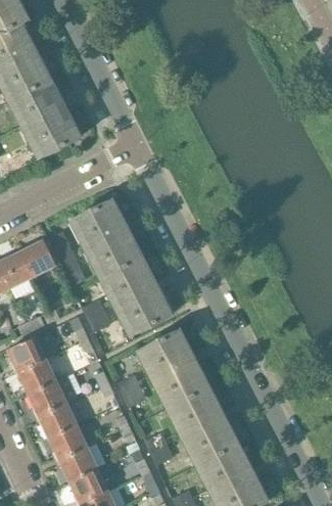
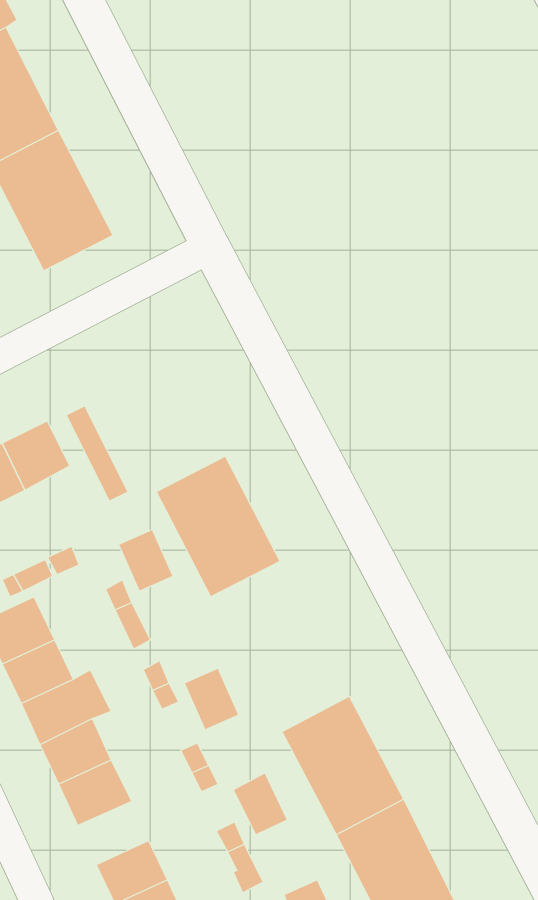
building: [73,200,140,278] -> none
building: [141,331,207,409] -> none
building: [59,447,98,481] -> none

